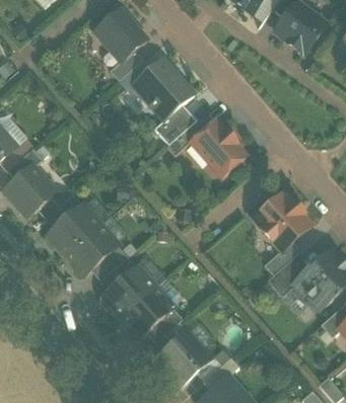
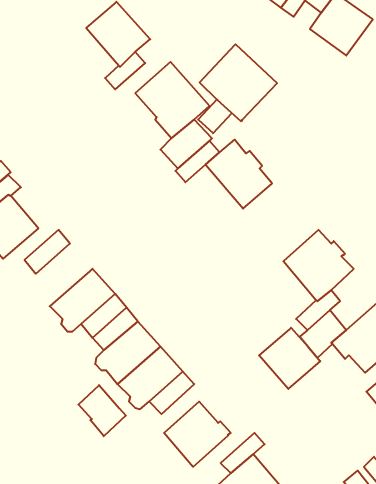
building: none -> [200,44,277,121]
building: [47,205,99,255] -> none
building: none -> [259,328,320,389]
building: none -> [78,385,126,436]

